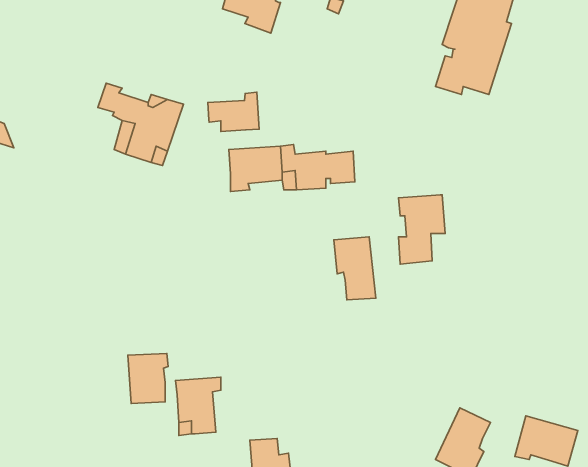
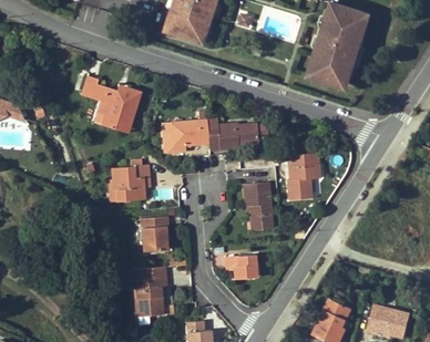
building: [208,92,259,132] -> none
building: none -> [111,165,149,203]
building: none -> [224,256,256,280]
building: [128,353,168,404] -> [141,217,168,251]

